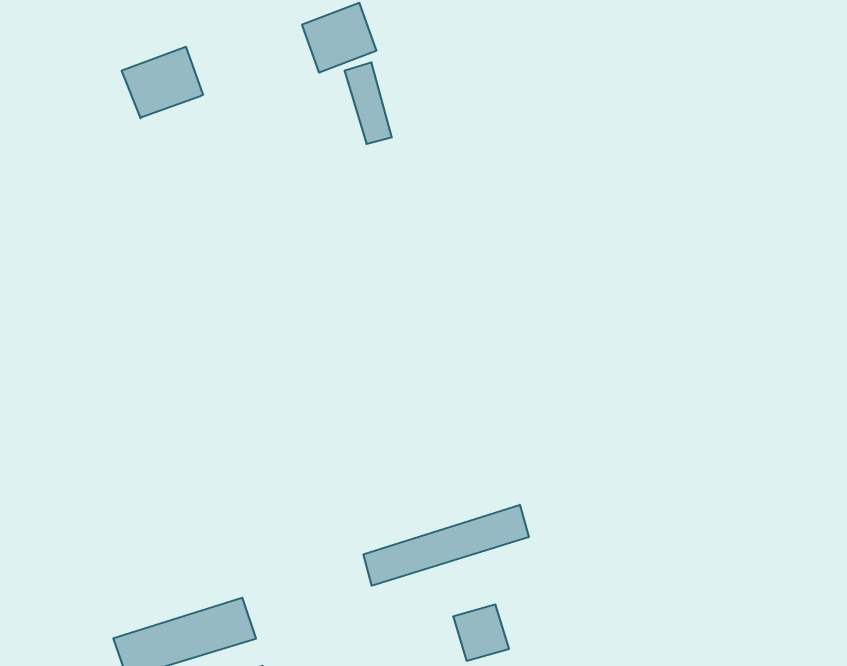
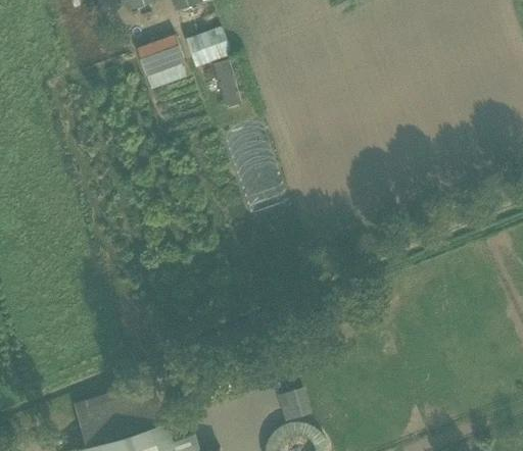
building: [122,47,203,118] -> [135,35,184,78]
building: [364,505,529,586] -> none

